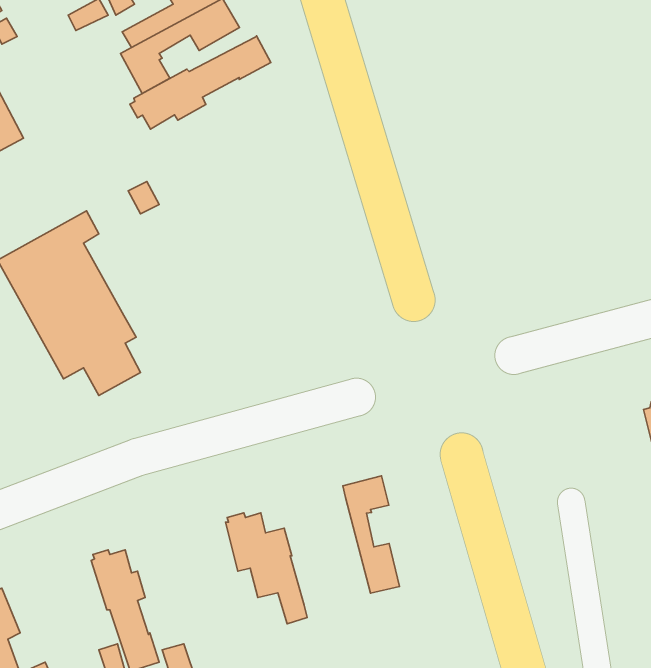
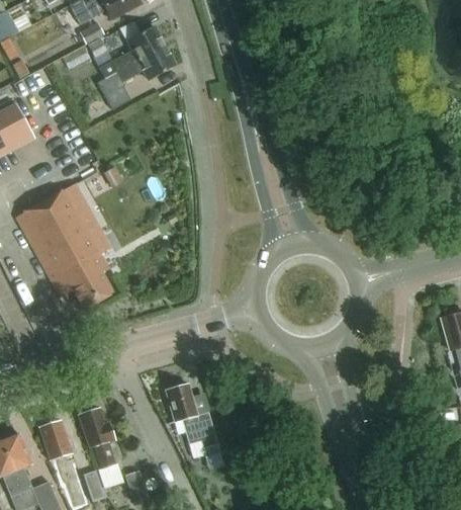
building: [130,36,271,129] -> none
building: [343,476,399,593] -> none
building: none -> [39,420,77,481]

